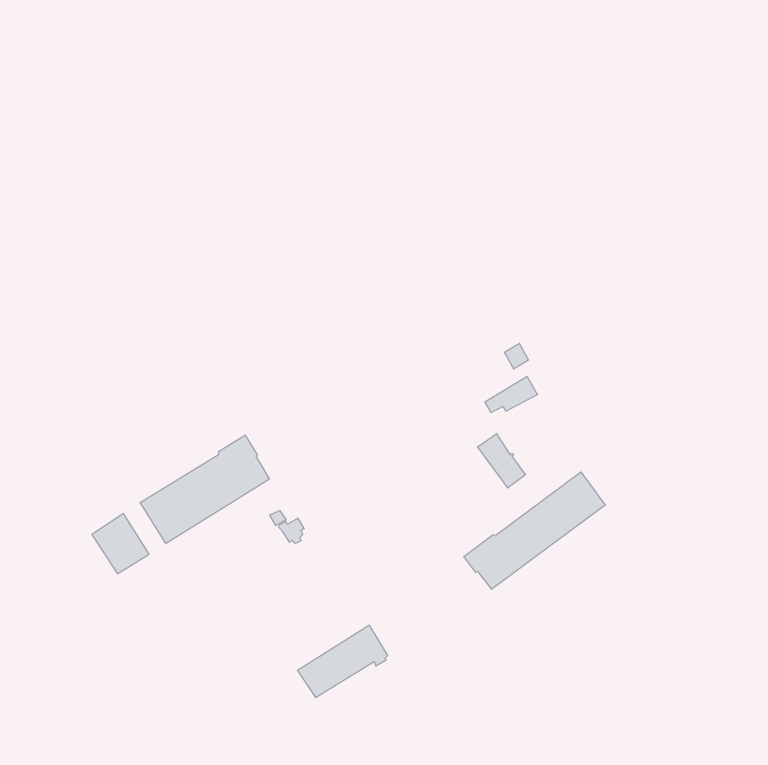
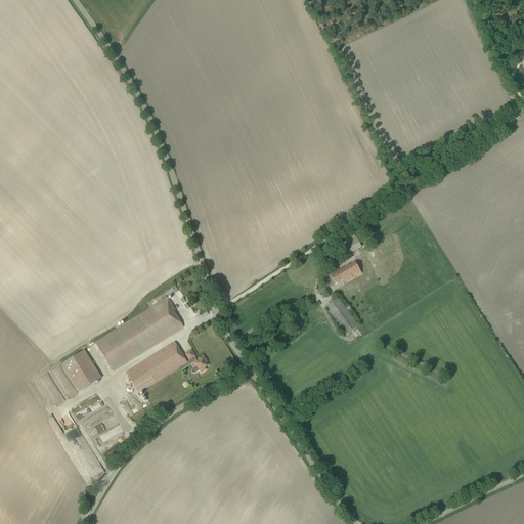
building: [464,472,605,589] -> none
building: [297,625,388,698] -> [126,341,187,390]

